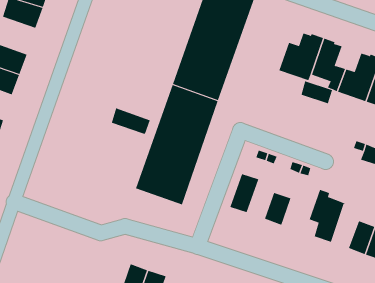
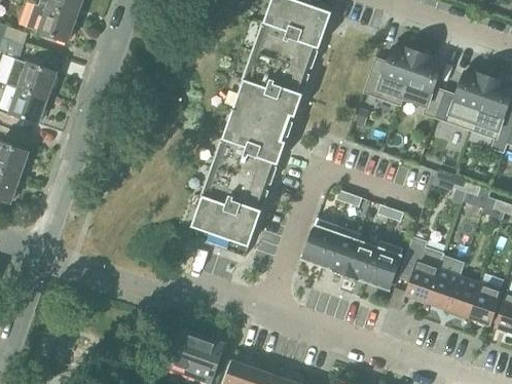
building: [301,80,333,104] -> none
building: [111,108,159,138] -> none
building: none -> [324,225,359,273]
building: none -> [366,240,402,289]
building: none -> [427,256,464,309]

